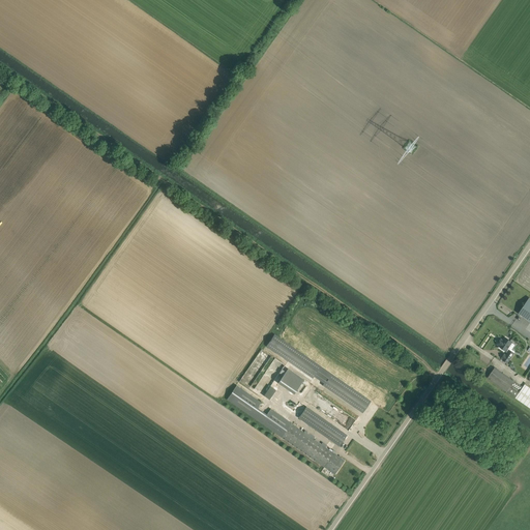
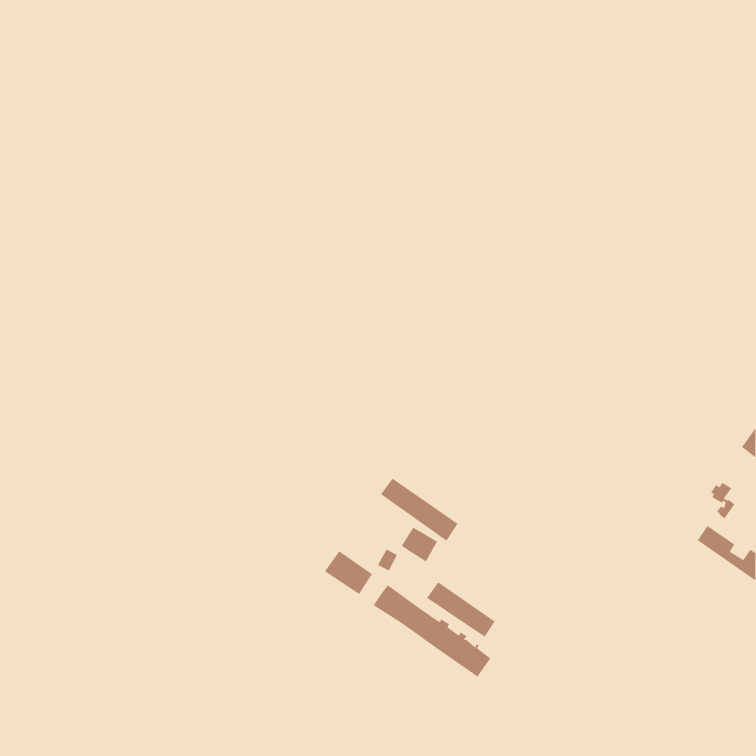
building: [322,373,371,413] -> none

